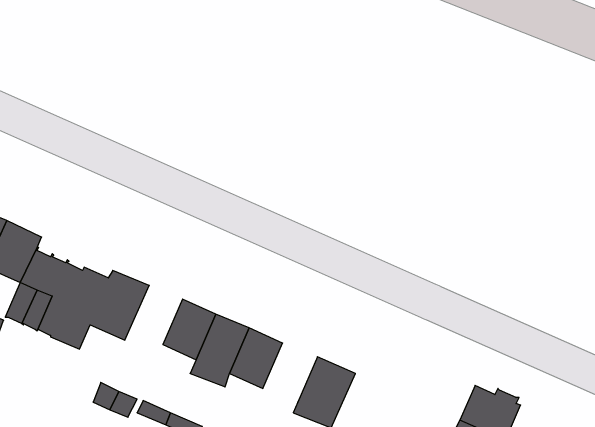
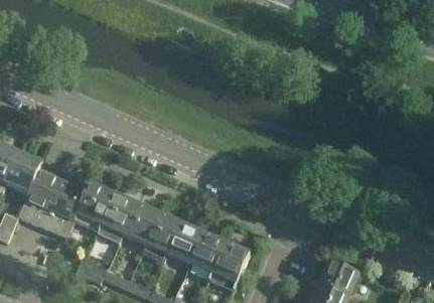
building: none -> [95,191,134,240]
building: none -> [187,230,224,269]

